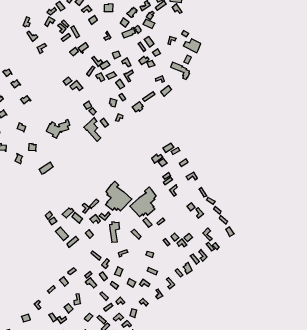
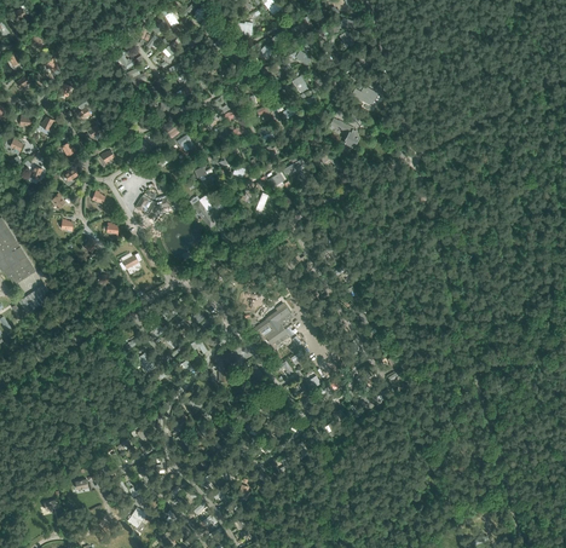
building: [106,181,132,211] -> none

